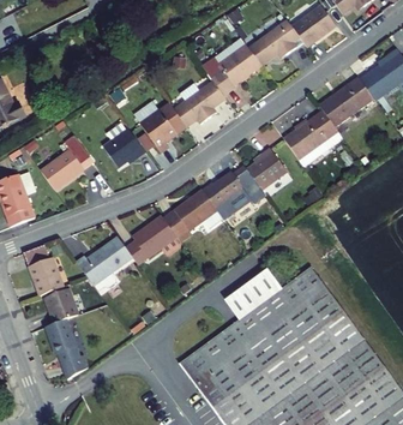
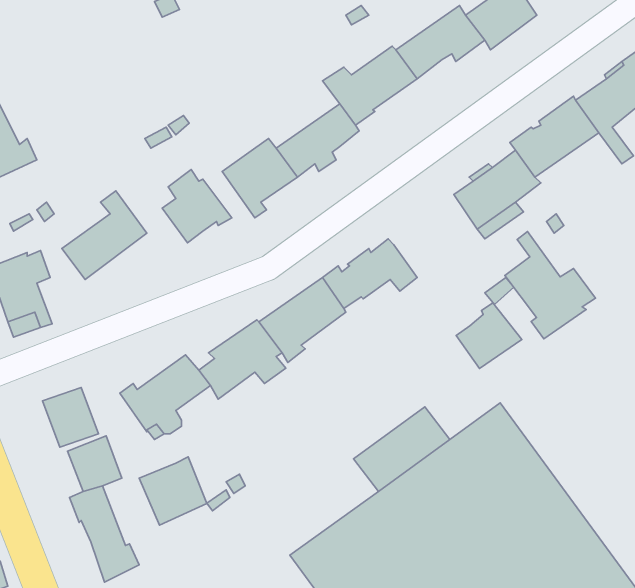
building: [247,149,288,190] -> [456,303,522,368]
building: none -> [505,231,595,339]
building: none -> [139,457,207,525]

